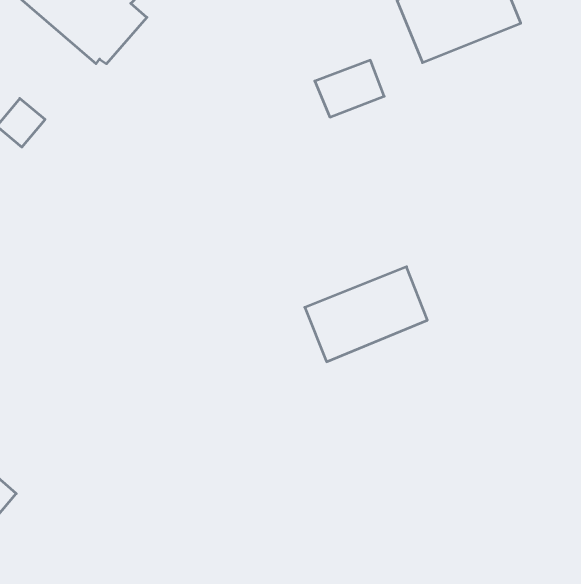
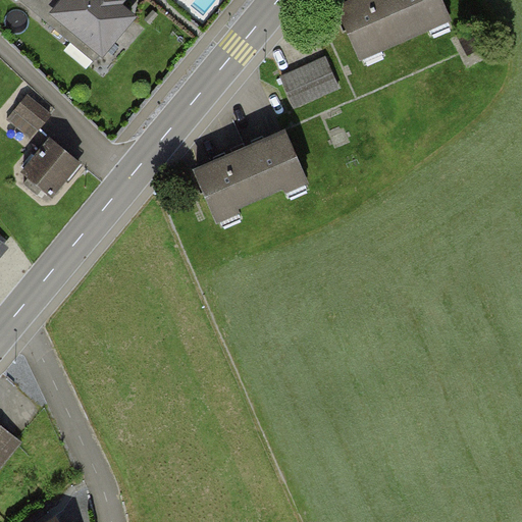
building: none -> [15,133,70,189]
building: [305,267,427,362] -> [205,132,313,215]

